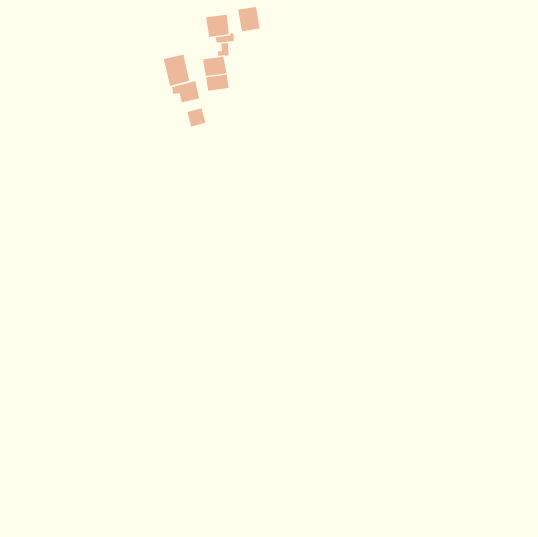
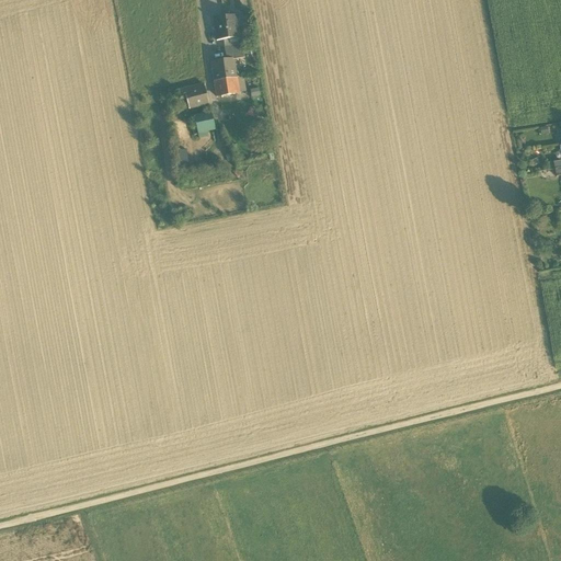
building: [237,6,260,32] -> none
building: [163,54,190,87] -> none

